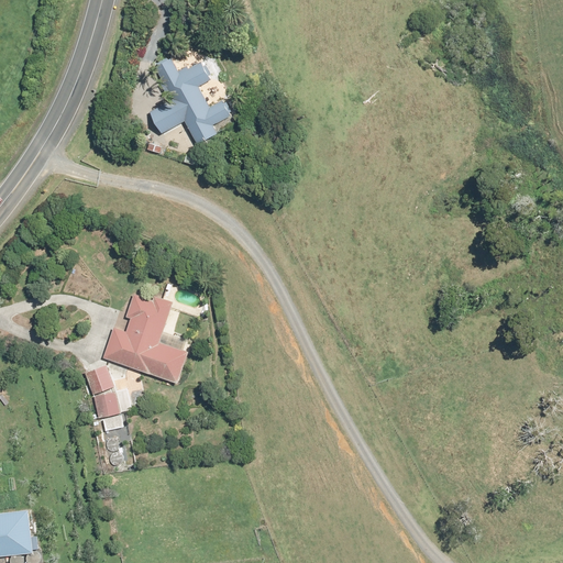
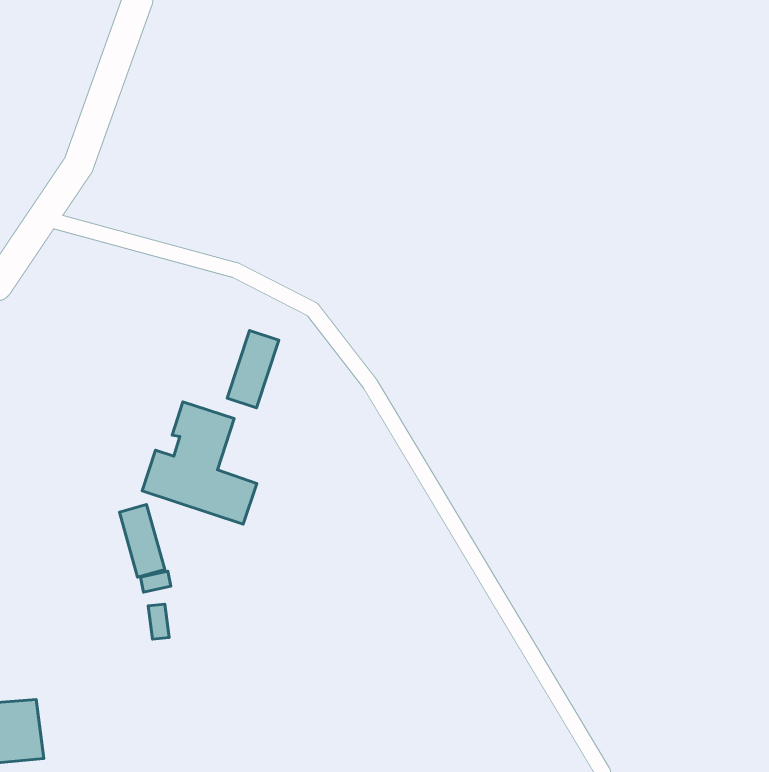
building: [151,58,230,144] -> none
building: none -> [227,331,279,408]

